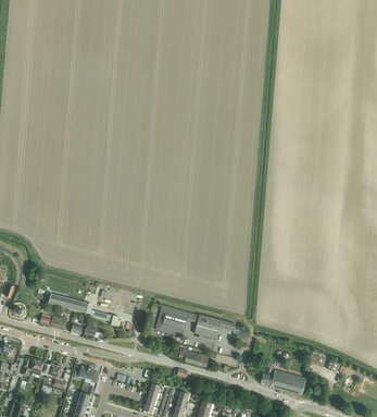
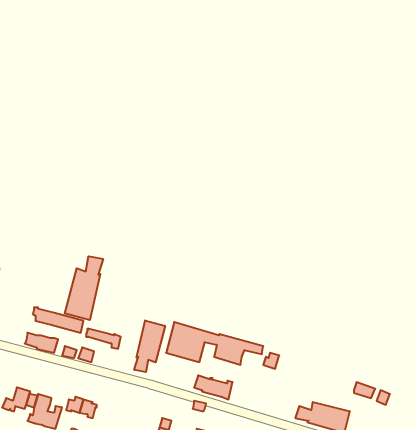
building: none -> [65,256,103,320]
building: none -> [134,320,165,372]

